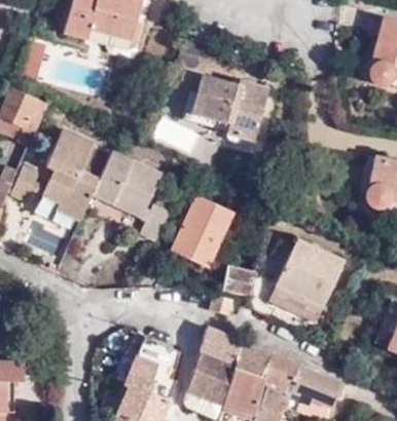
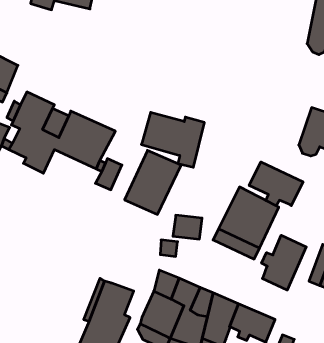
building: [200,73,270,135] -> [141,112,204,167]
building: none -> [249,162,303,206]
building: none -> [262,235,306,290]

